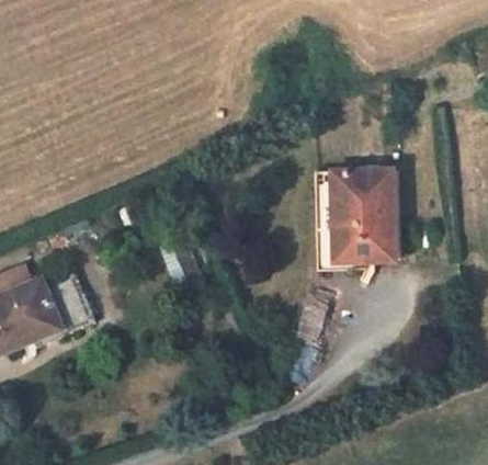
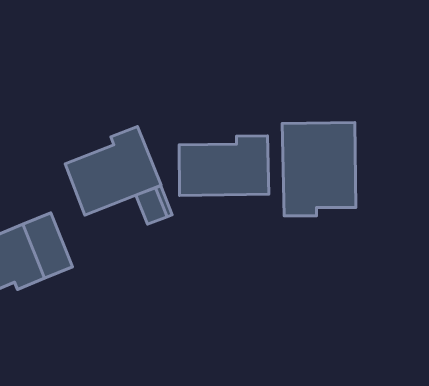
building: none -> [65,127,161,215]
building: none -> [179,136,269,195]

